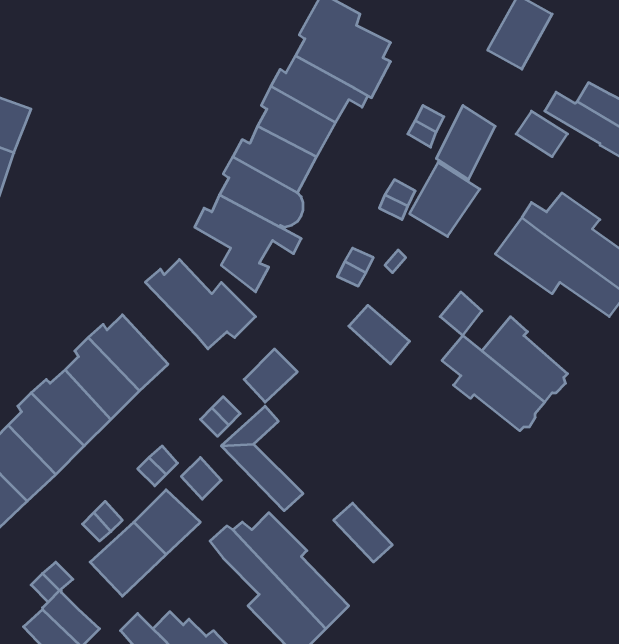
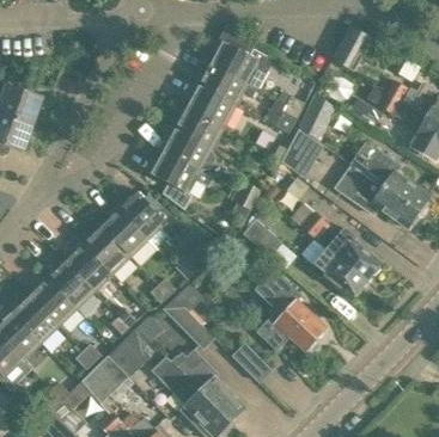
building: none -> [100,205,147,257]
building: none -> [254,269,324,350]

